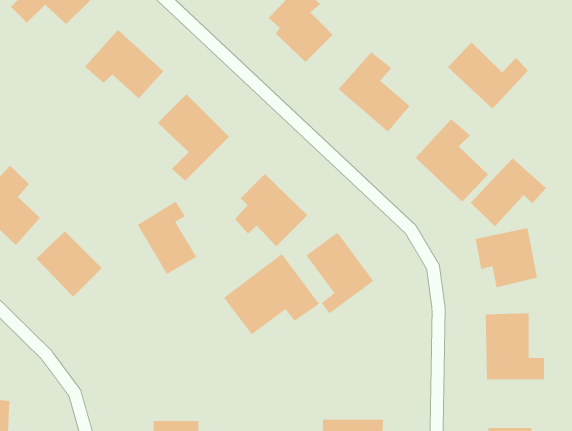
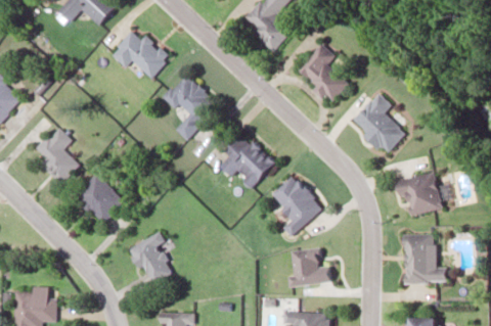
building: [447,42,529,109] -> none
building: [470,157,547,227] -> none
building: [137,201,197,275] -> [130,231,174,285]
building: [223,253,320,335] -> none
building: none -> [292,249,327,284]

